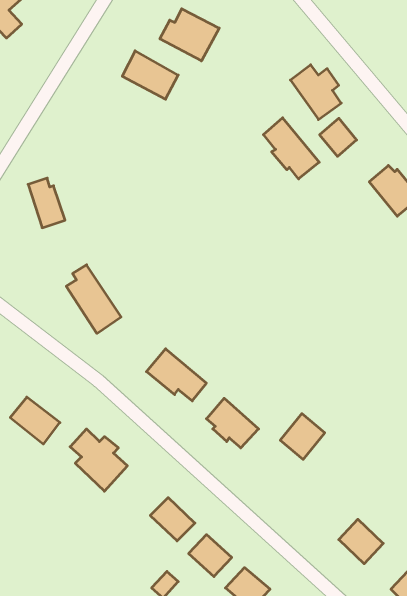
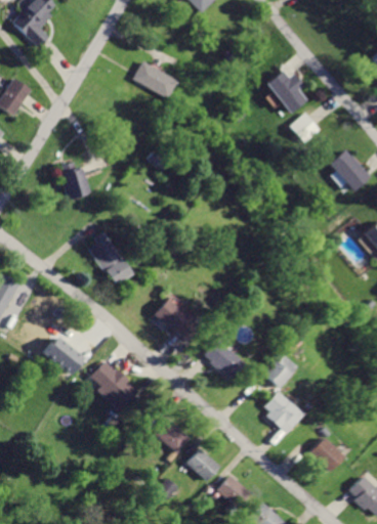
building: [160,9,219,61] -> none
building: [263,118,319,179] -> none
building: none -> [263,393,301,433]

